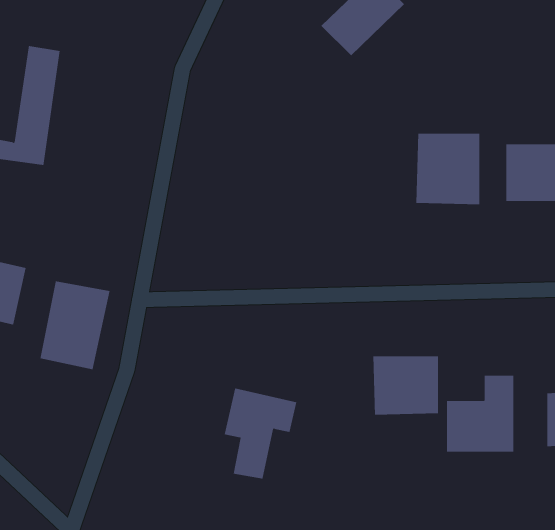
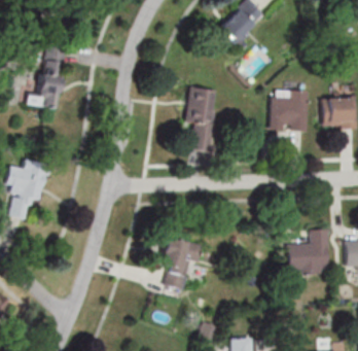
building: none -> [185,87,216,152]
building: [40,281,110,370] -> none
building: [373,355,439,415] -> none

